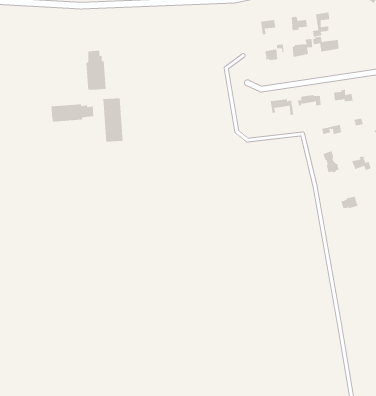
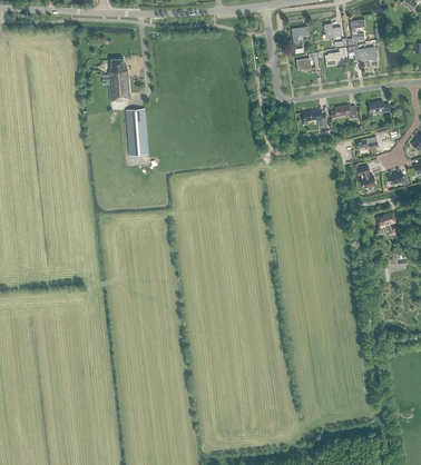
building: [51,104,94,122] -> none

